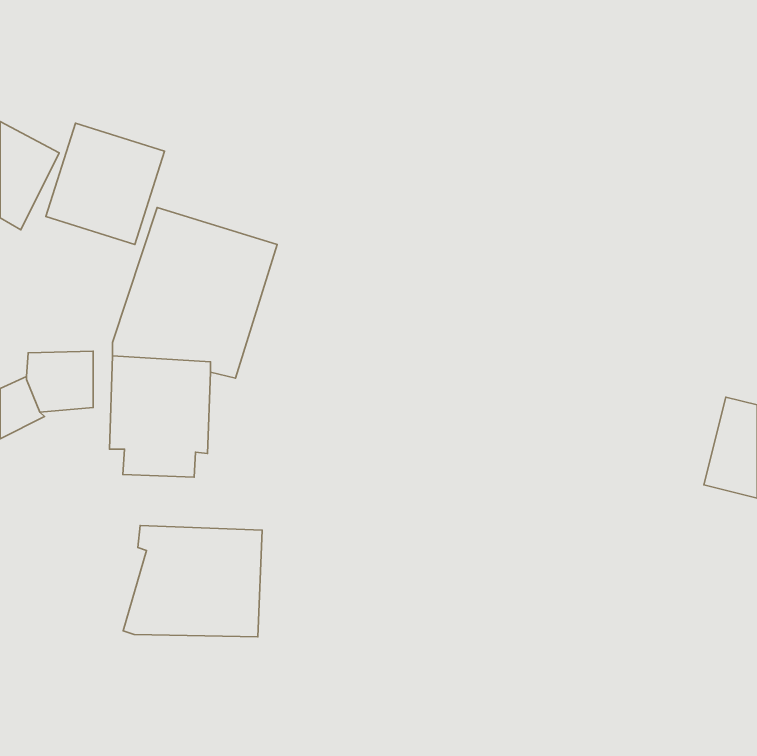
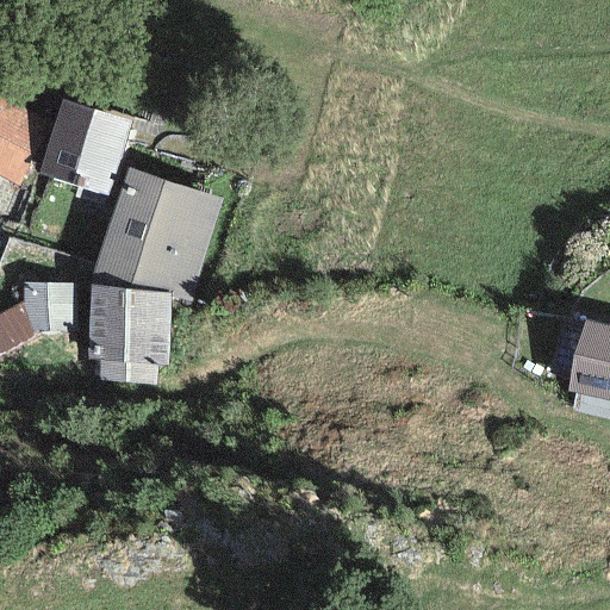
building: [123,526,262,637] -> none

